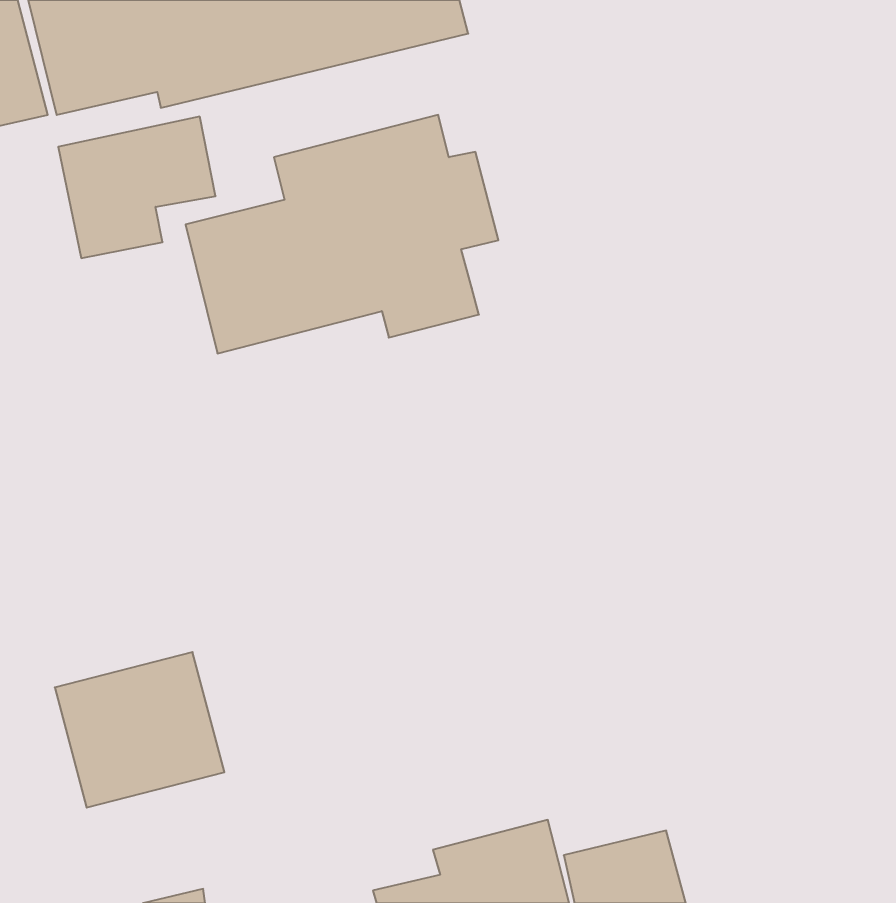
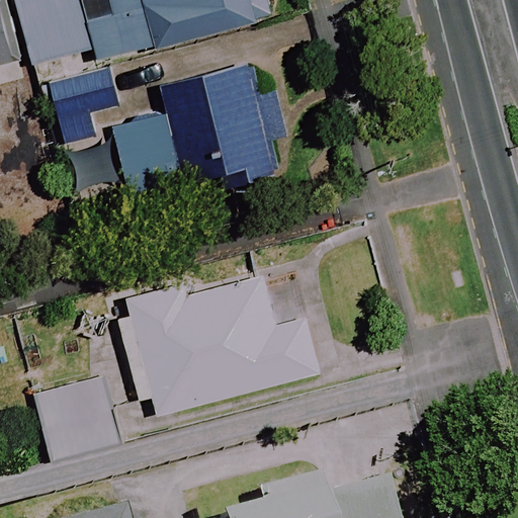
building: none -> [110,271,321,415]

